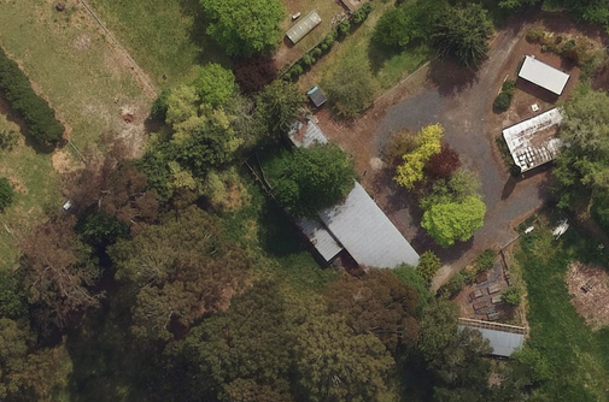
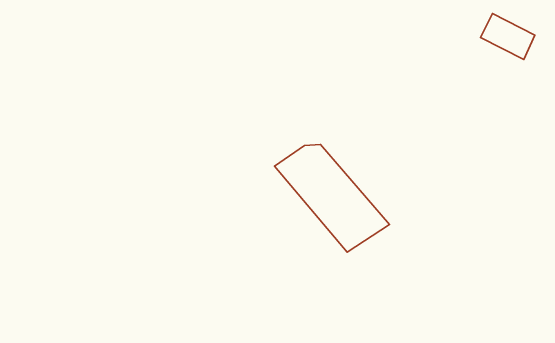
building: [499,111,558,175] -> none

